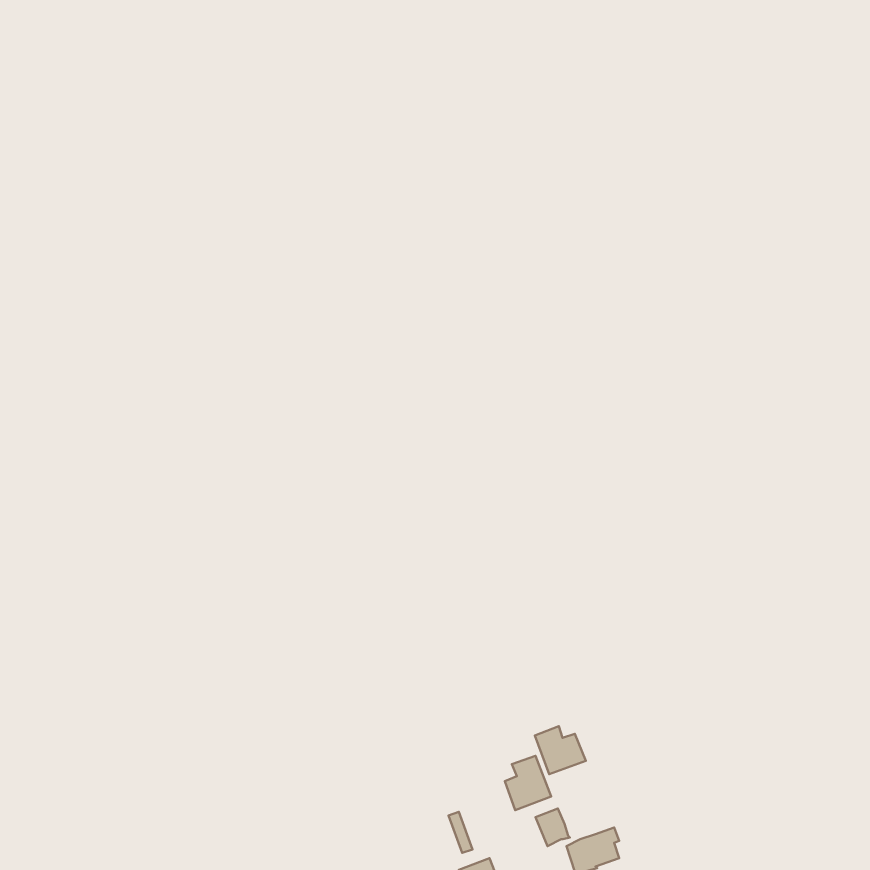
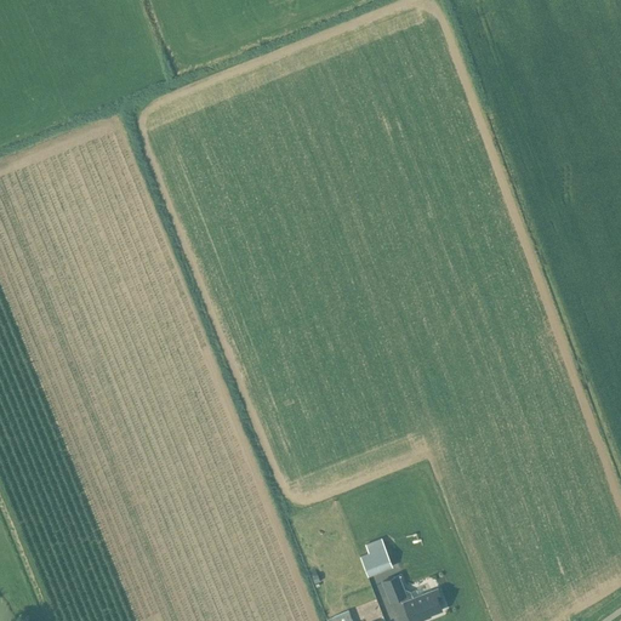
building: [535,726,586,774] -> none

